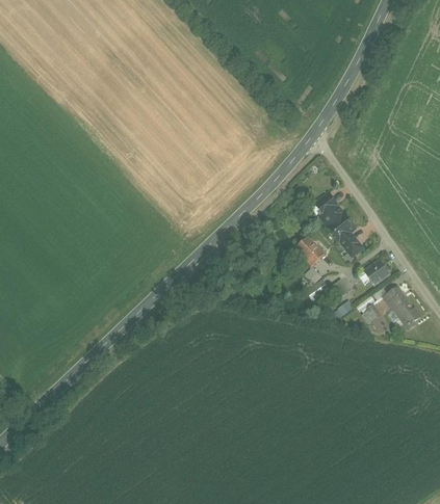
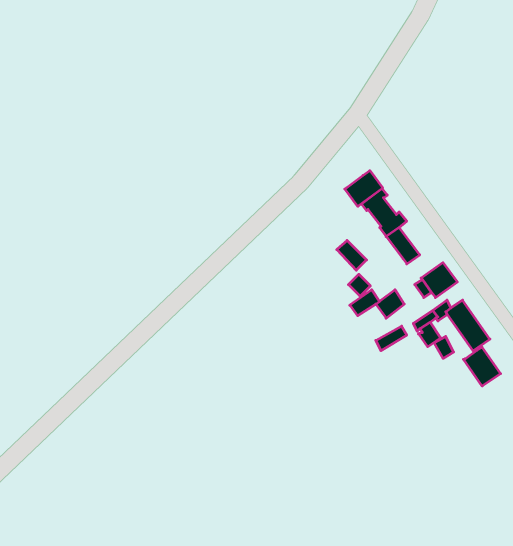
building: none -> [345,171,383,206]
building: none -> [463,347,501,386]

